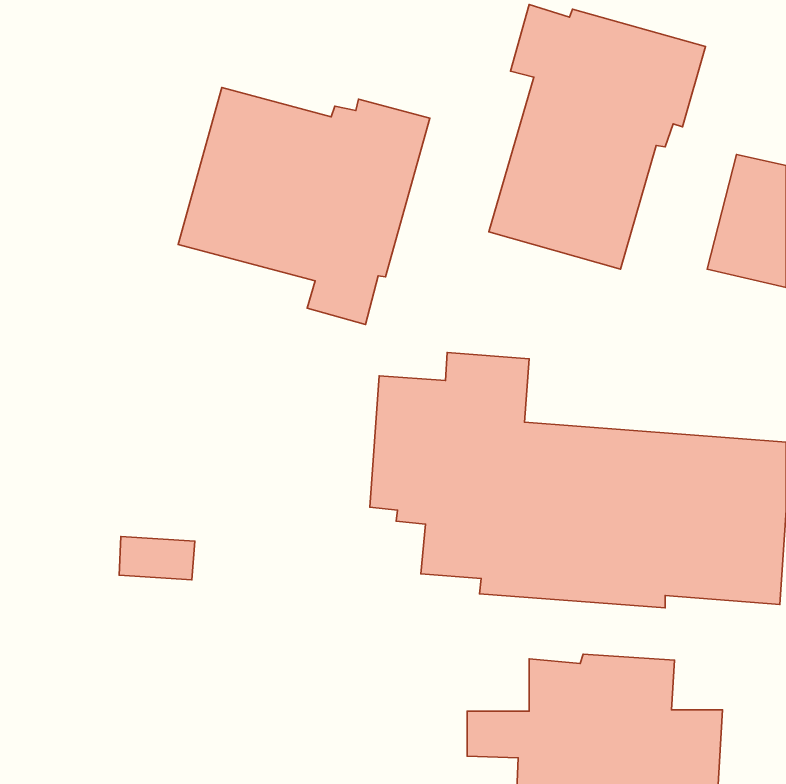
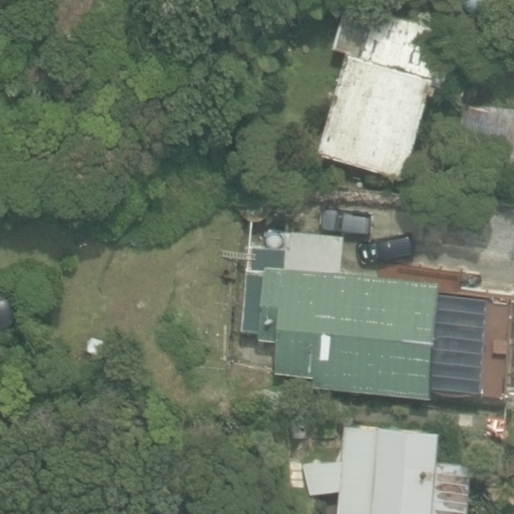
building: [178,87,430,325] -> none

